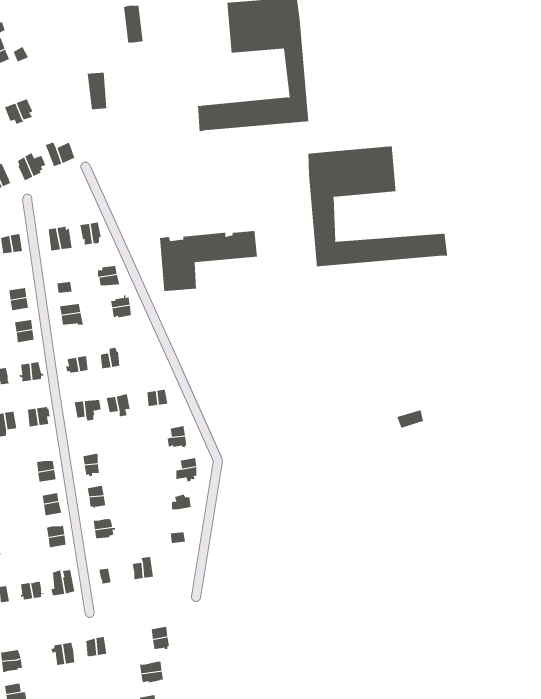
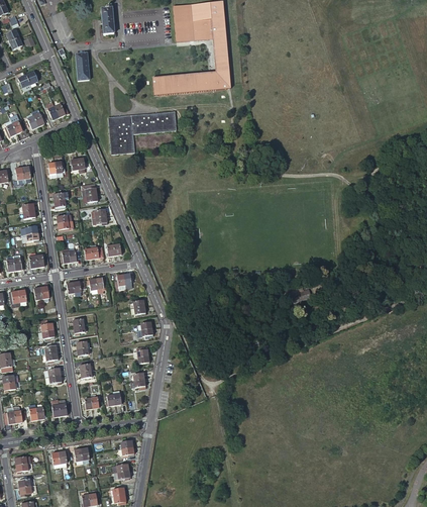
building: [308,146,448,267] -> none
building: [159,231,258,292] -> [108,111,177,154]

